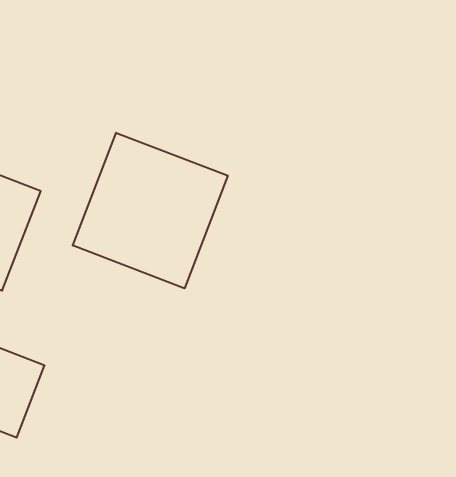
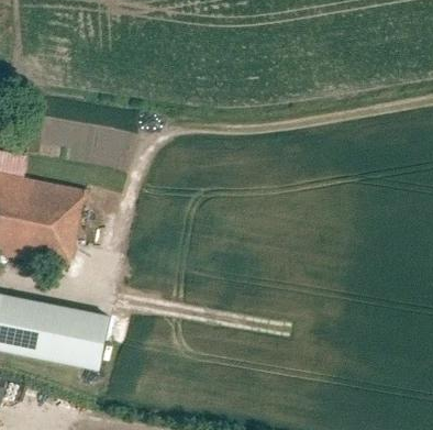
building: [73,133,228,288] -> none

